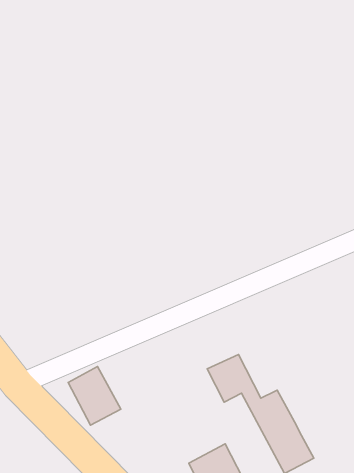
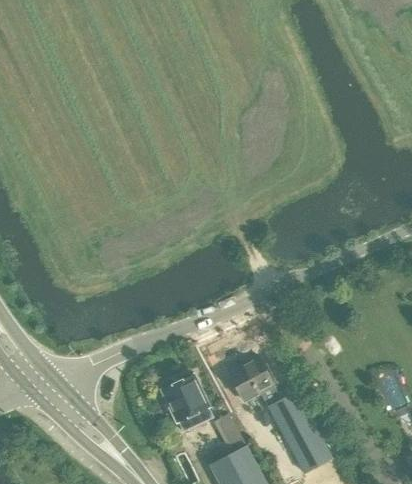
building: [68,366,121,425] -> [162,374,214,432]
building: none -> [213,414,244,447]

